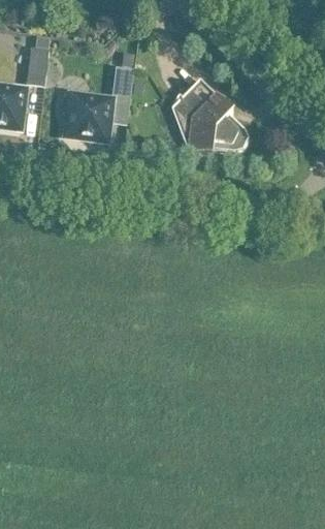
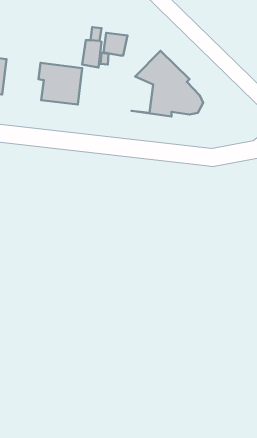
building: [27,37,52,88] -> none
building: none -> [103,33,127,55]

